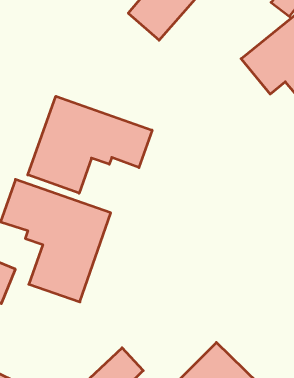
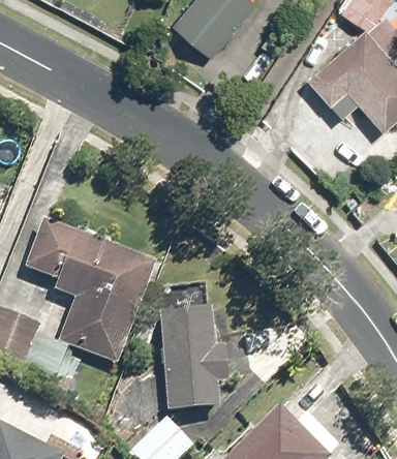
building: [28,96,152,193] -> none
building: none -> [158,303,218,407]

